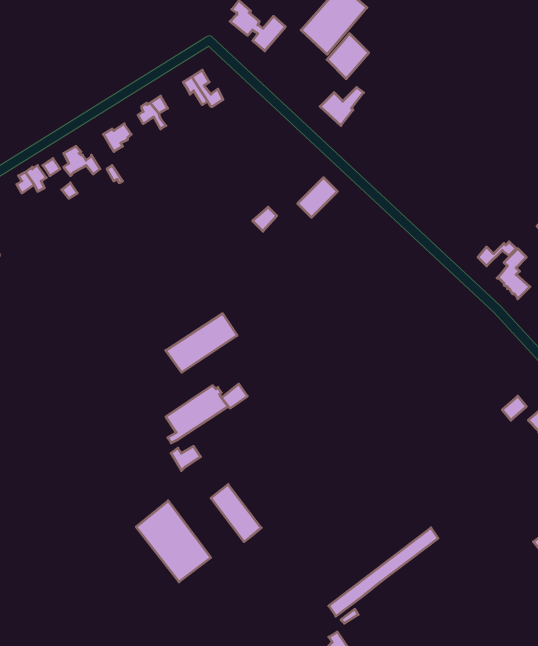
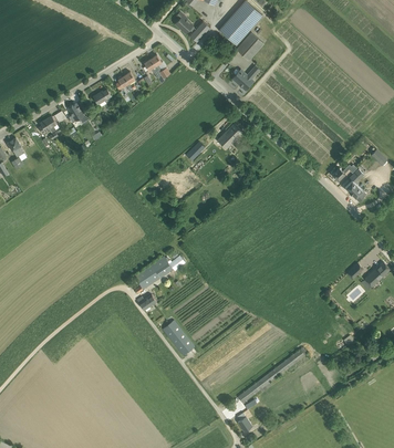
building: [166,314,237,372] -> none
building: [136,501,211,582] -> none

